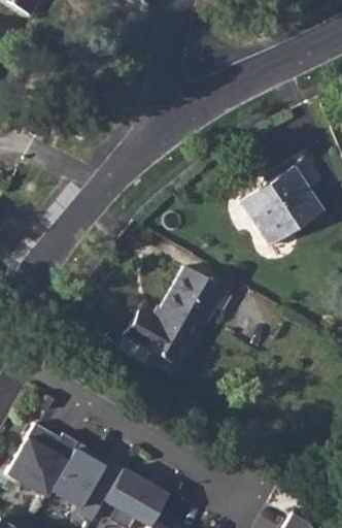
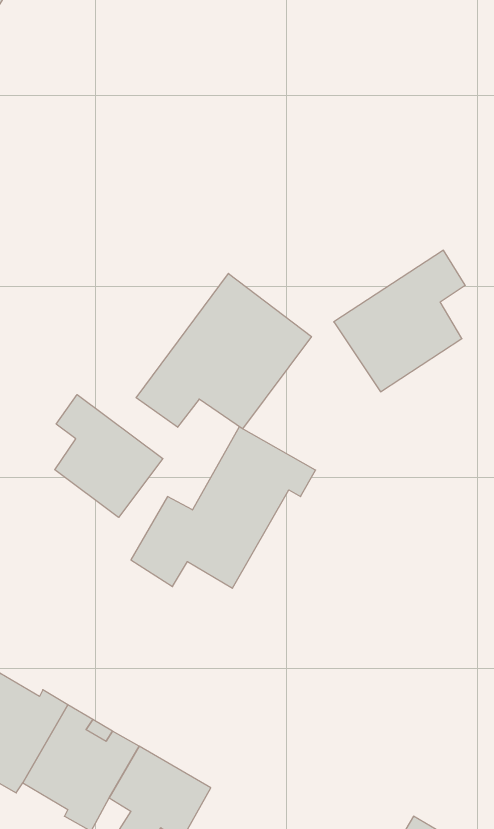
building: none -> [136,273,311,429]
building: none -> [55,395,163,517]

